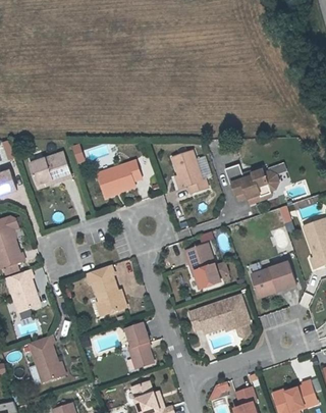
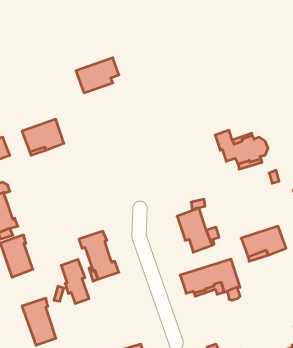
building: [171,150,207,193] -> none
building: [96,160,140,196] -> [76,58,119,93]
building: [123,322,152,367] -> [61,259,89,303]

